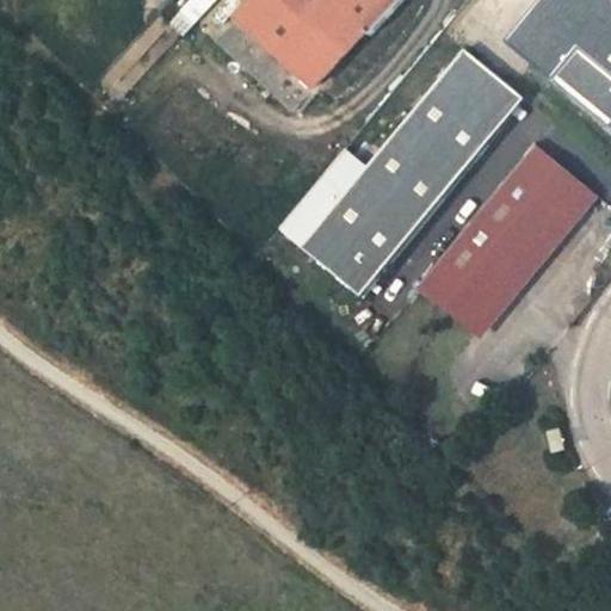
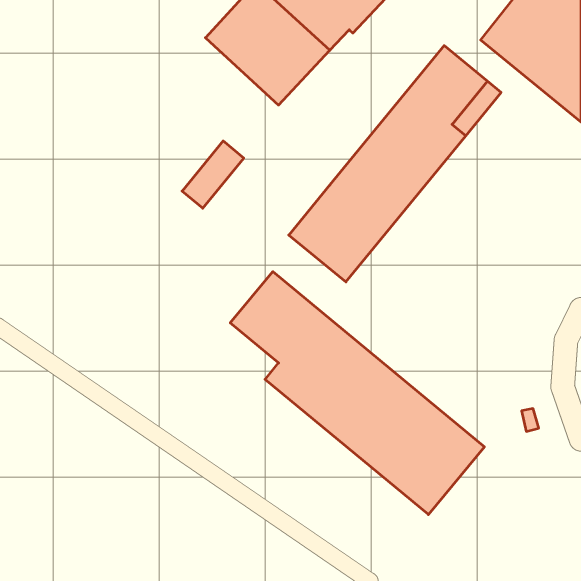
building: [419,142,590,328] -> none
building: [280,175,345,246] -> [182,141,244,208]
building: none -> [230,272,484,515]

